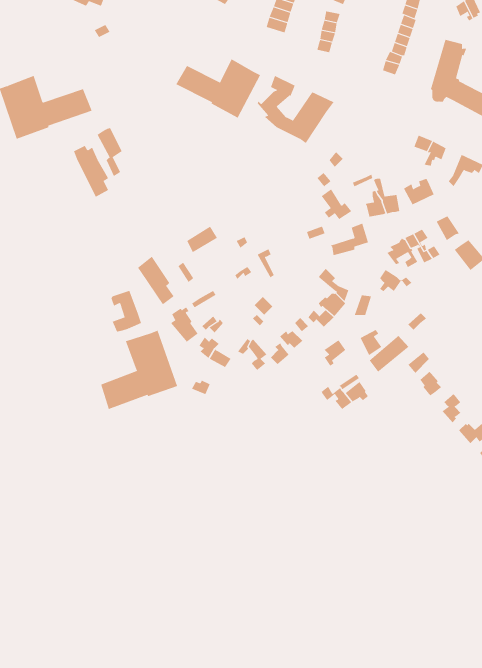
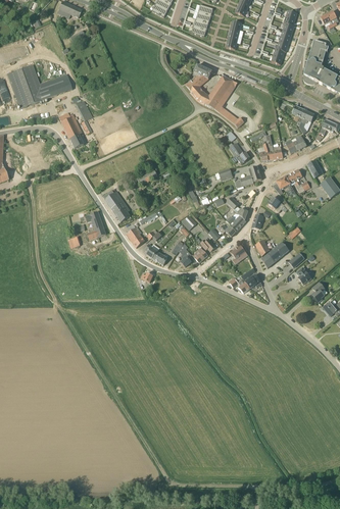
building: [176,59,261,118] -> none
building: [101,330,178,410] -> none

